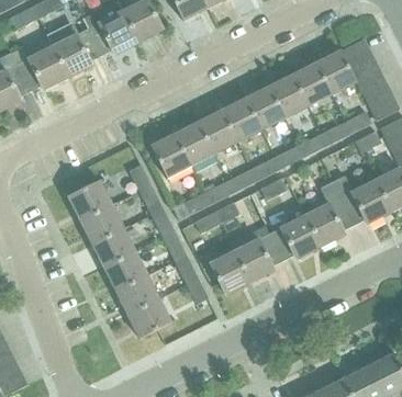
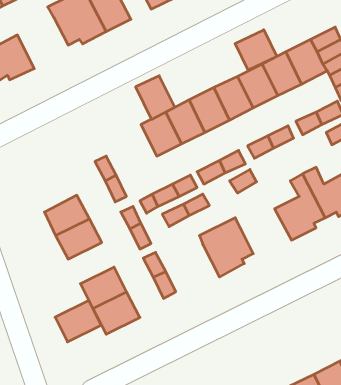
building: [53,27,102,78] -> none
building: none -> [235,30,277,70]
building: [150,133,189,175] -> [136,76,175,119]
building: [66,177,111,218] -> none
building: [271,205,321,259] -> none
building: [102,248,147,288] -> [55,300,101,342]
building: [210,250,250,294] -> none

